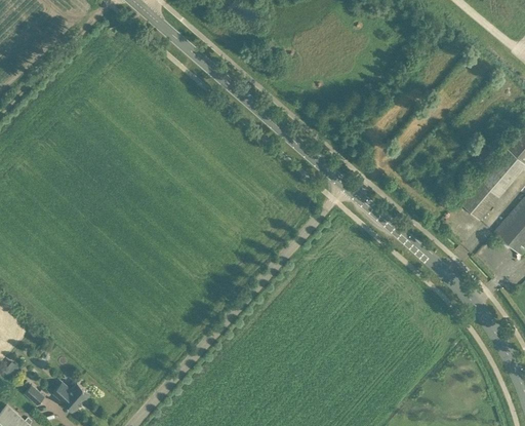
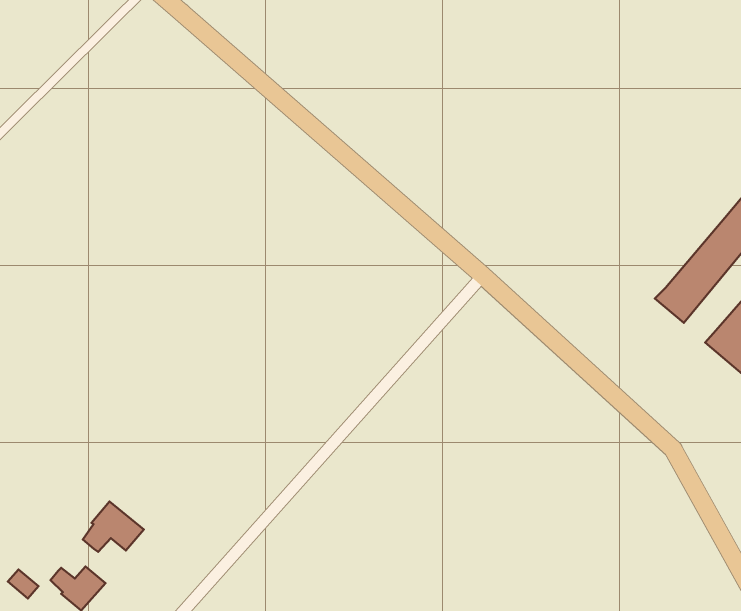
building: none -> [83,501,144,552]

